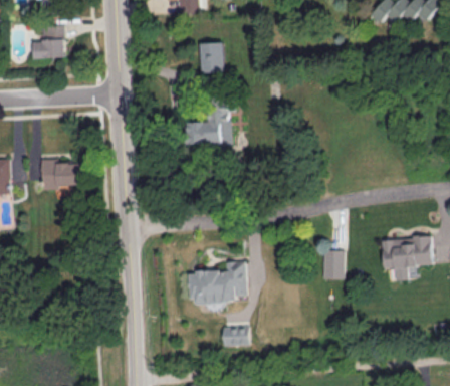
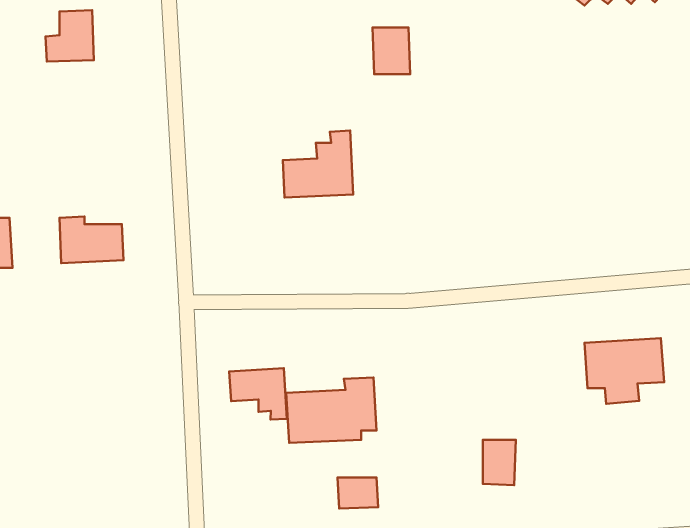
building: [200,42,224,72] -> [373,27,410,74]
building: [321,250,343,279] -> [483,440,516,485]
building: none -> [229,368,287,419]

